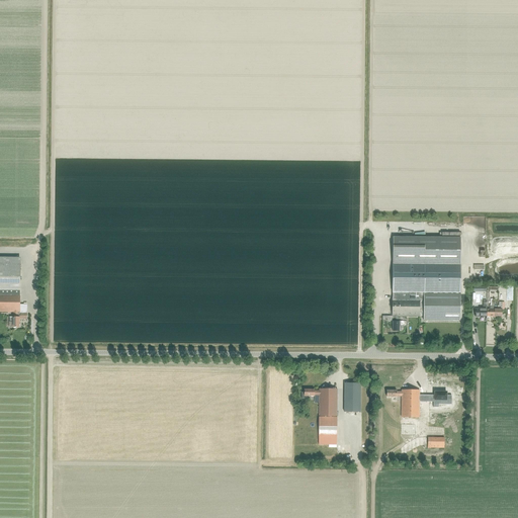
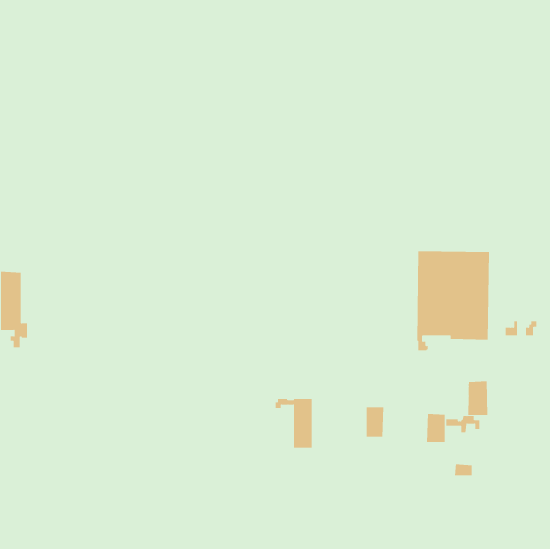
building: none -> [468,380,488,416]
building: [301,388,337,435] -> [275,399,313,448]

